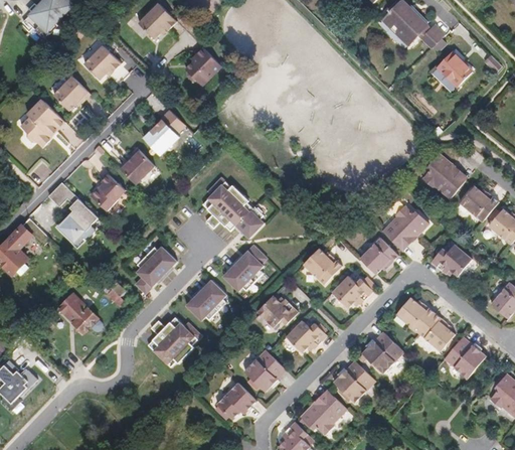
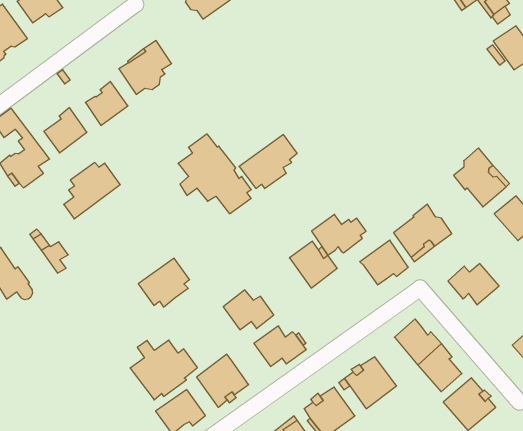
building: [221,244,266,290] -> [239,135,297,189]
building: [134,245,176,293] -> [64,163,120,219]
building: [331,275,374,308] -> [312,214,366,255]
building: [147,316,200,365] -> [130,340,197,400]

